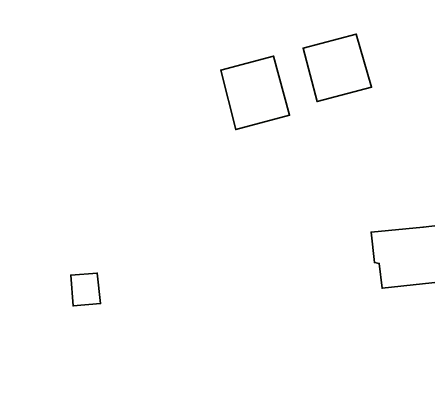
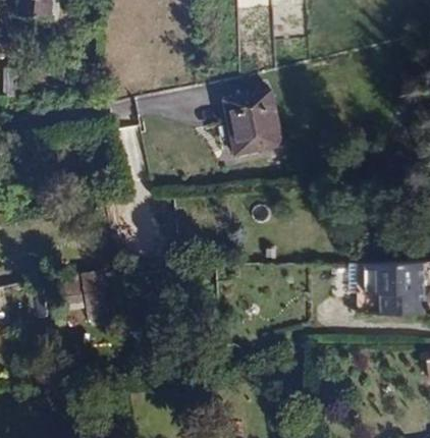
building: [303,34,371,102] -> none

